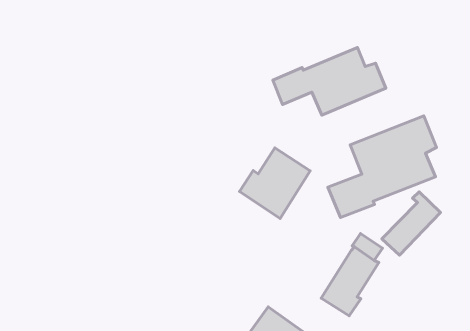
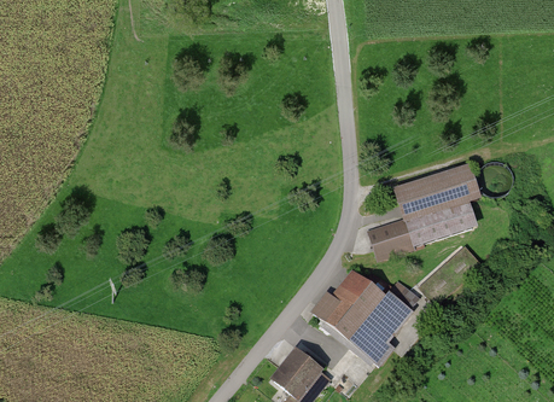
building: [273,48,386,115] -> none
building: [240,148,310,219] -> [310,270,385,344]

